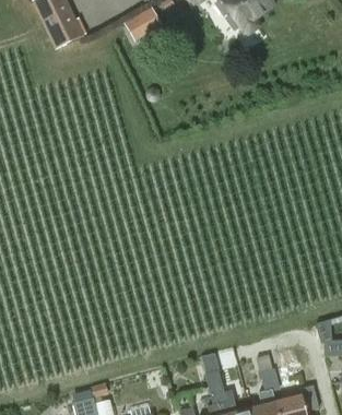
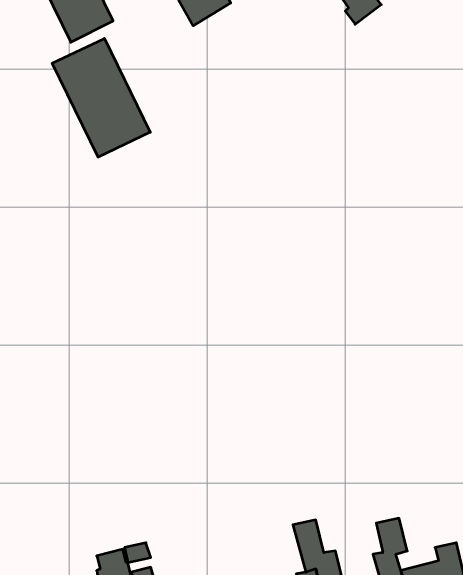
building: none -> [52,38,150,157]

